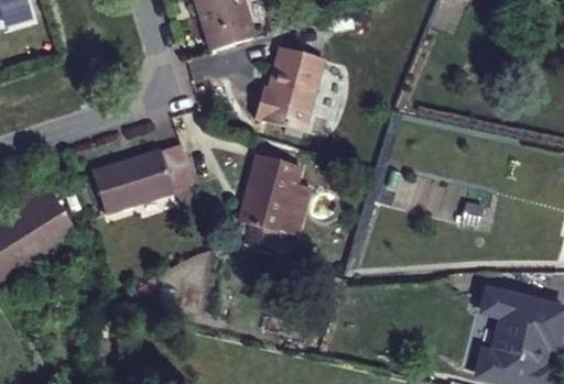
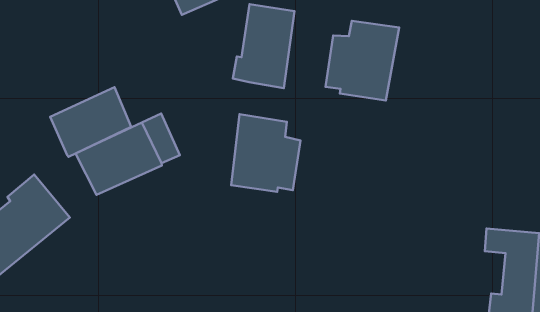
building: none -> [325,21,399,101]
building: none -> [50,87,131,157]

